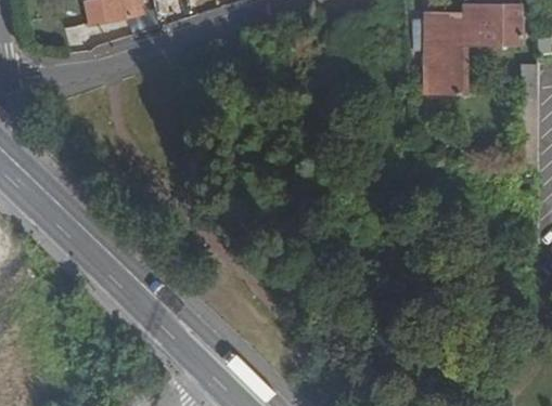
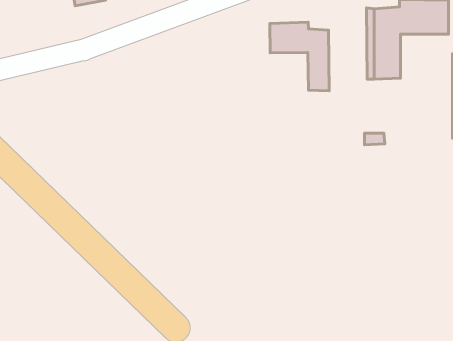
building: none -> [270,22,329,91]

